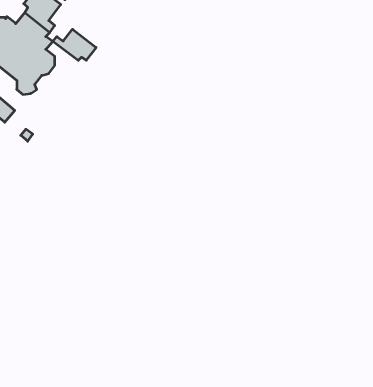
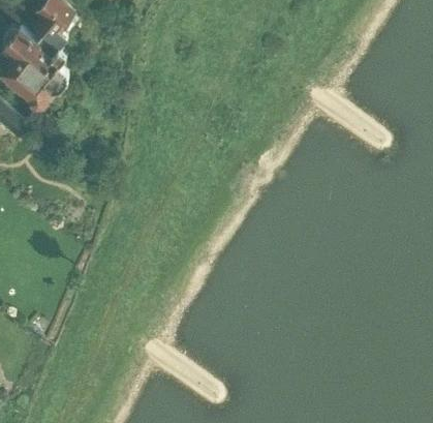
building: [53,29,96,60] -> none

